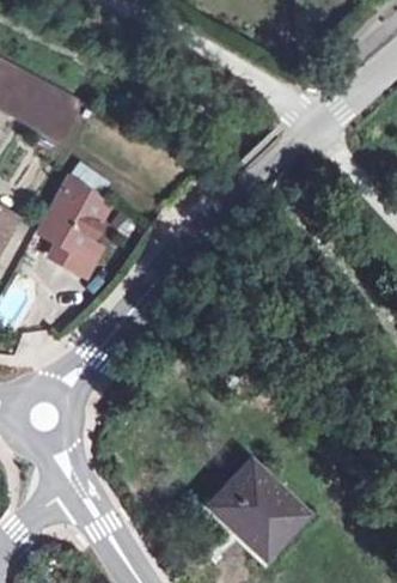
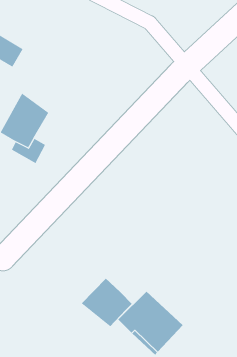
building: none -> [81,278,132,327]

